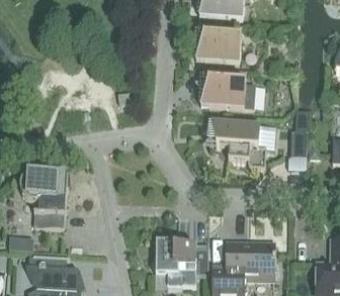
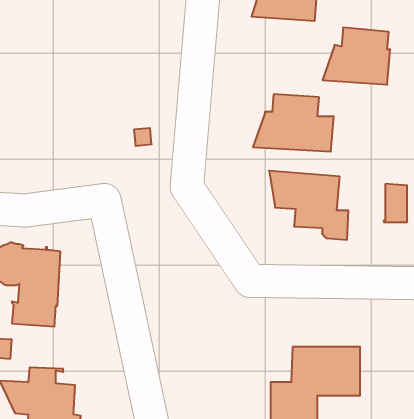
building: [194,23,241,63] -> [323,27,390,85]
building: [155,239,207,286] -> none

